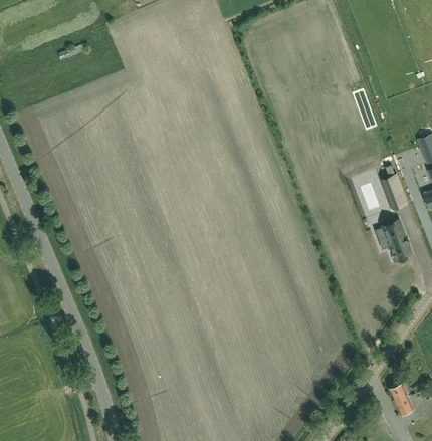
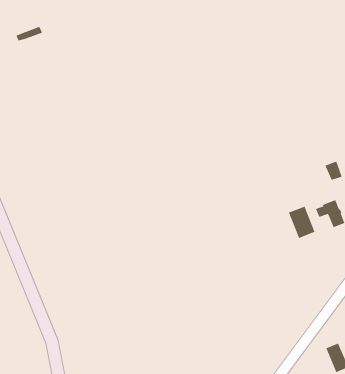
building: none -> [288,206,315,239]

